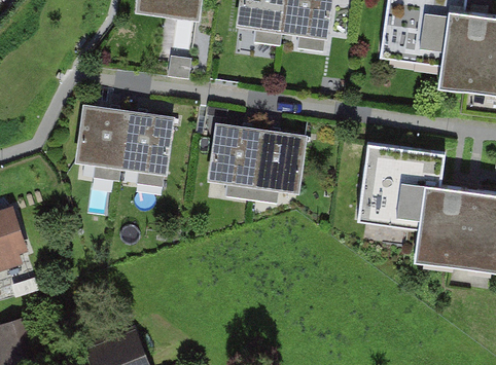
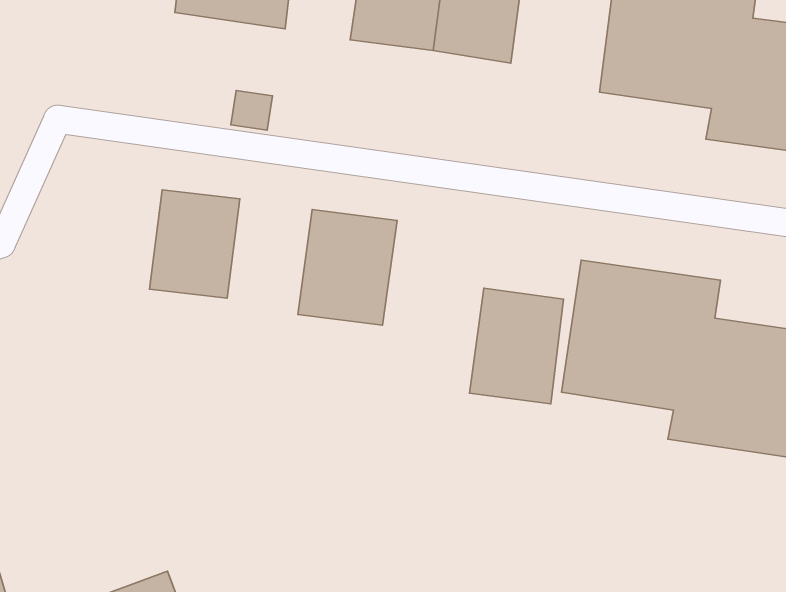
building: [76,106,130,169] -> none
building: [255,130,309,195] -> [469,288,563,404]

